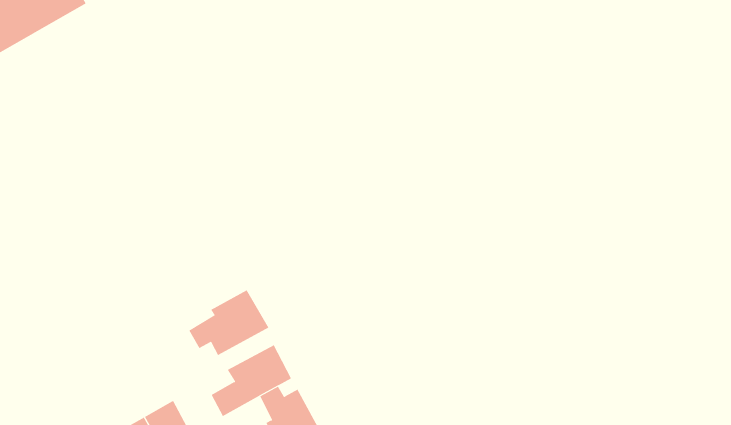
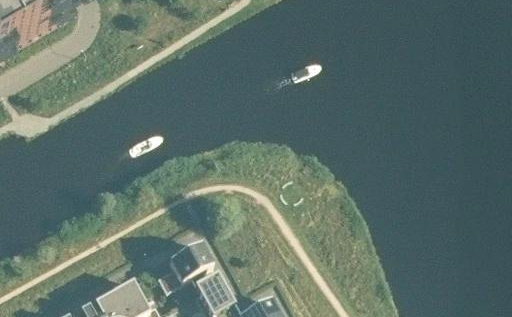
building: [188,289,269,356] -> none

